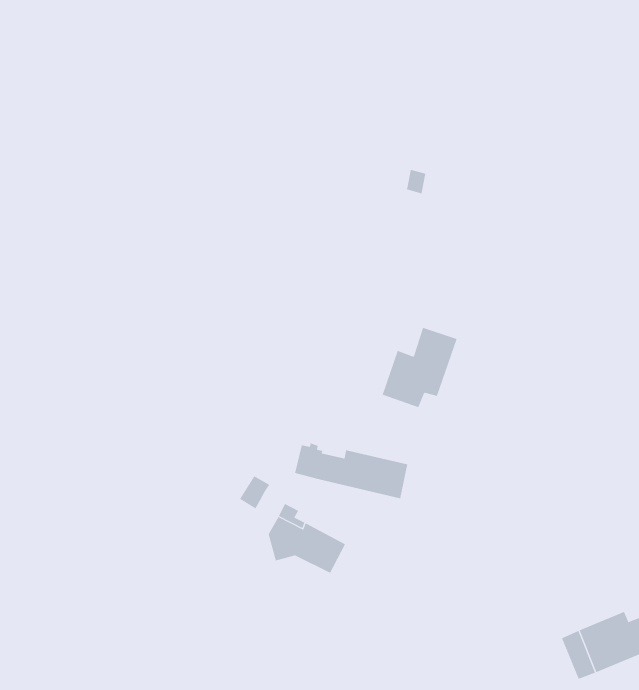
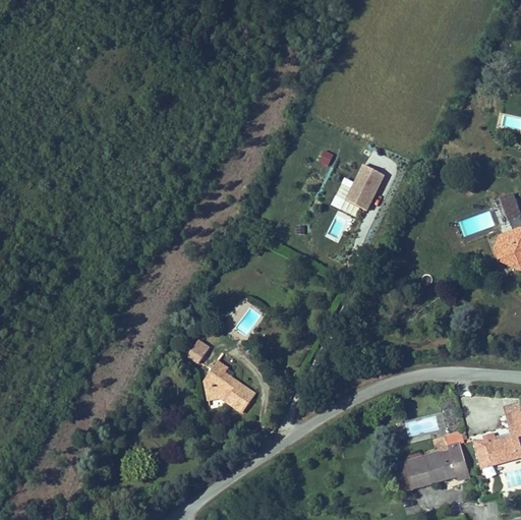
building: [382,327,458,408] -> [334,159,388,212]
building: [295,443,408,499] -> none

